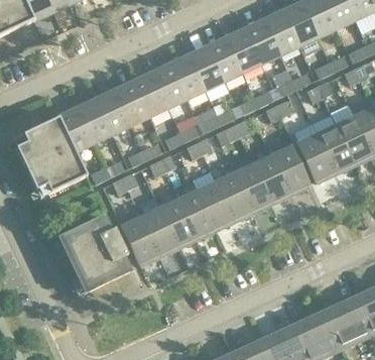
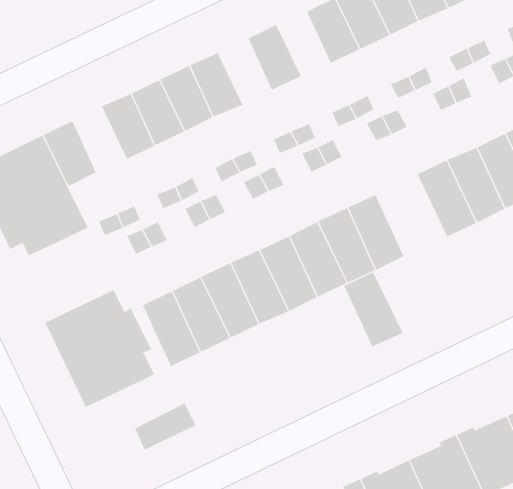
building: [208,38,242,80] -> none
building: [170,55,205,98] -> none
building: [78,99,112,141] -> none
building: [271,146,309,195] -> [344,271,403,347]
building: none -> [134,403,196,450]

